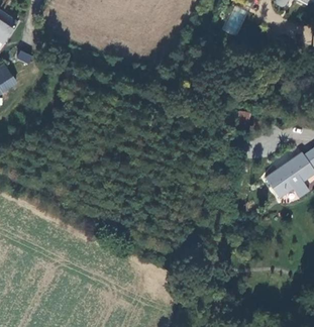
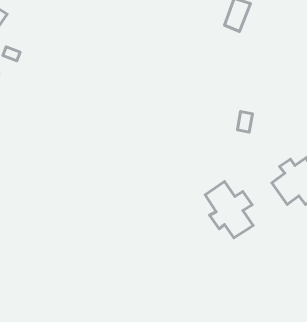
building: none -> [205,181,253,238]

